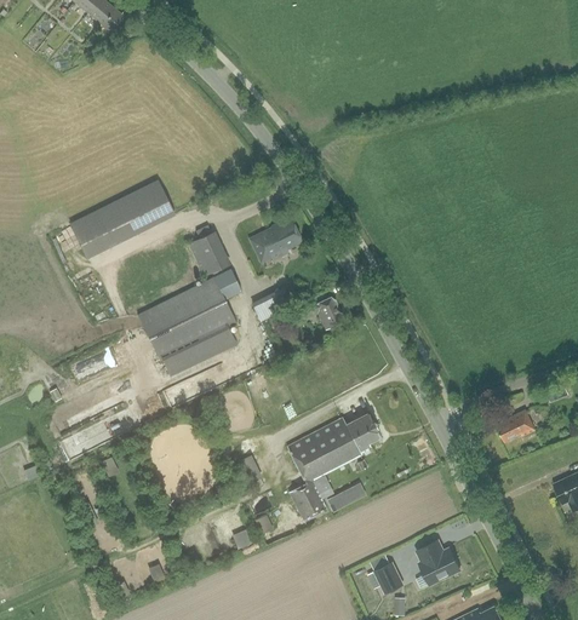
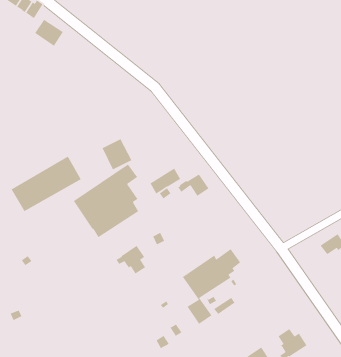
building: none -> [34,19,64,47]
building: [74,179,181,254] -> [11,156,82,212]
building: [246,217,299,265] -> none
building: none -> [116,245,146,275]

